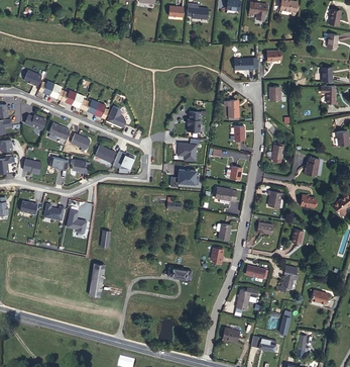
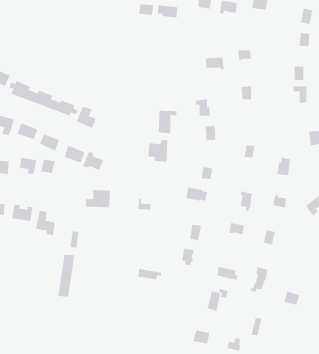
building: [171,168,197,186] -> [85,189,111,208]

